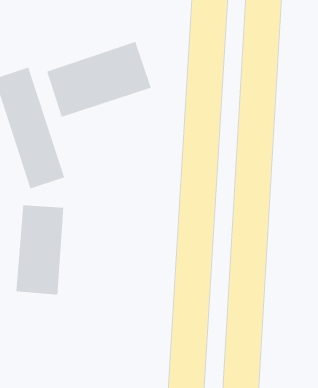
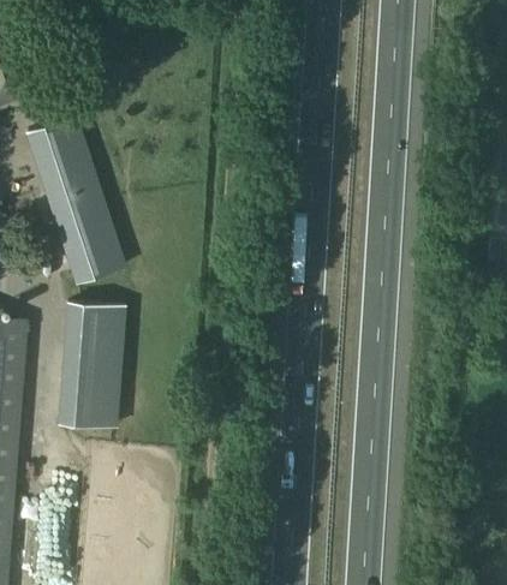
building: [46,41,152,118] -> none

